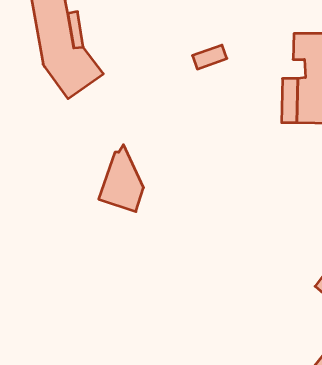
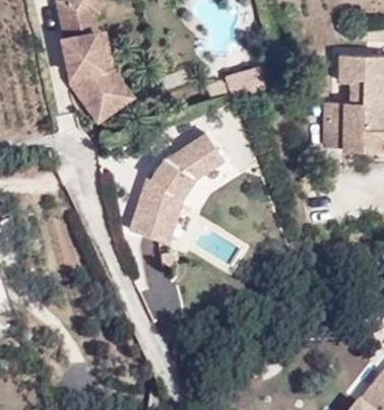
building: none -> [155,133,221,217]

